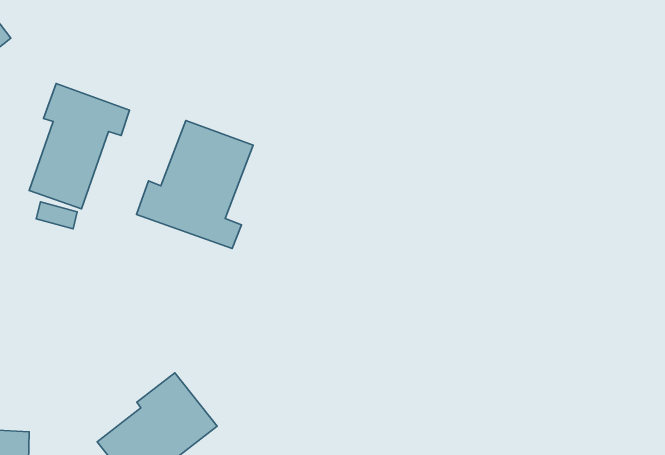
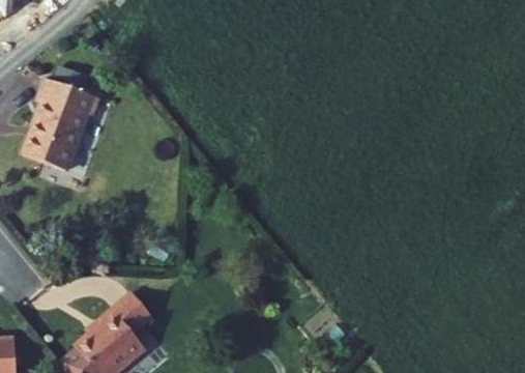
building: [136,120,253,249] -> none

